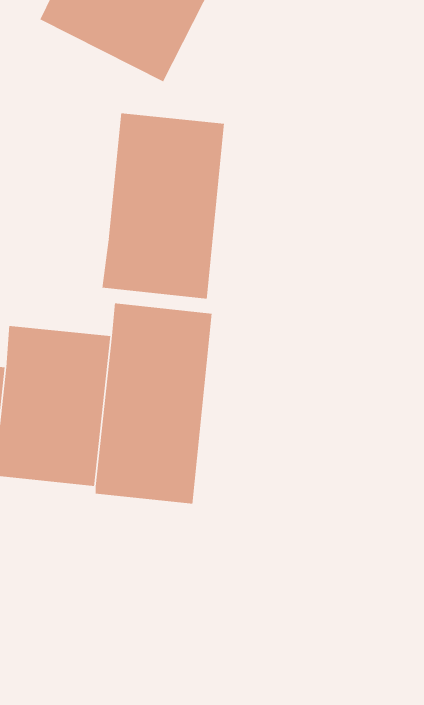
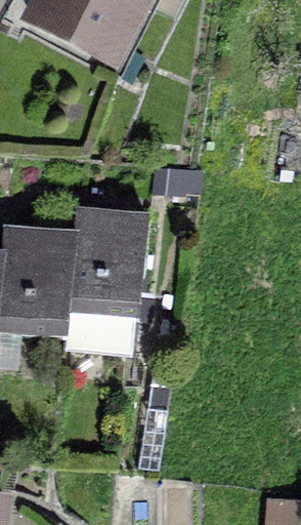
building: [102,112,224,299] -> none

